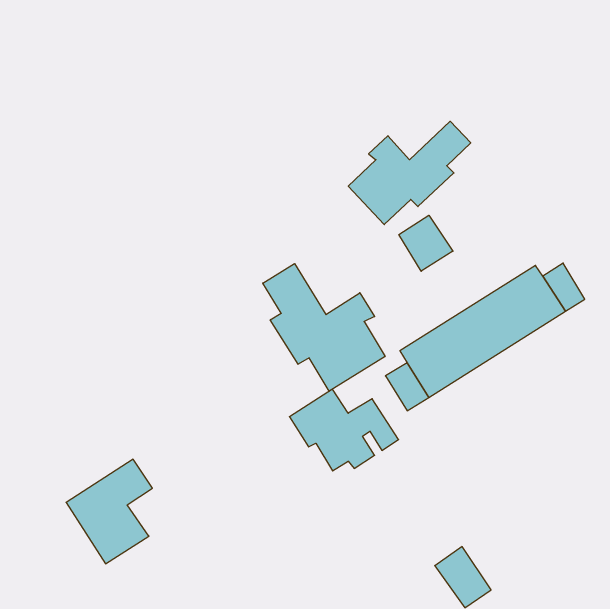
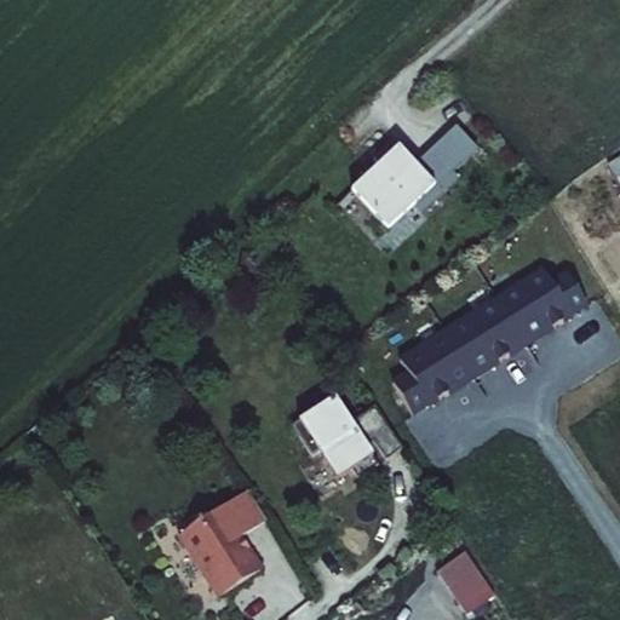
building: [399,215,453,271] -> none
building: [263,264,385,391] -> none
building: [66,459,152,564] -> [180,490,268,596]

